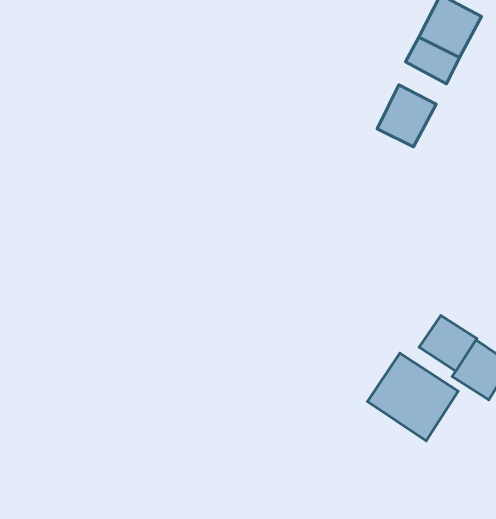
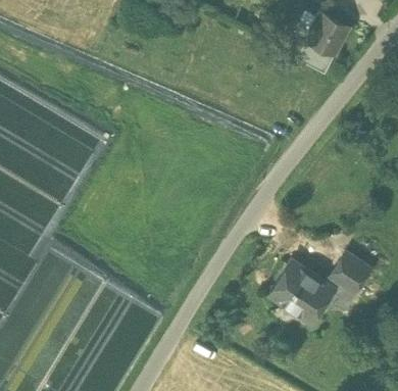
building: [377,85,436,147] -> none
building: [419,315,477,371] -> none

